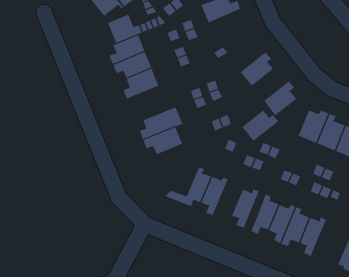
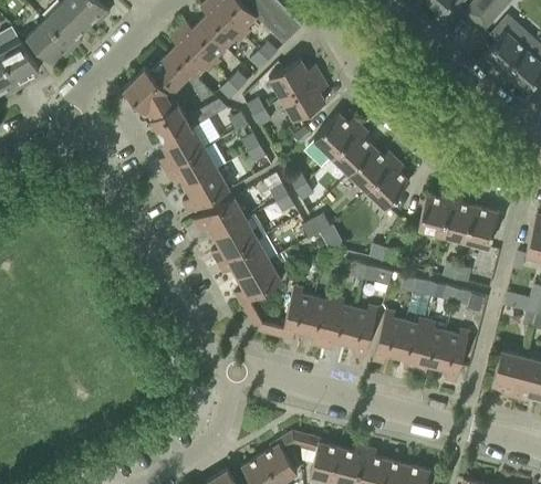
building: none -> [281,75,327,120]
building: none -> [313,114,361,157]
building: none -> [194,197,246,236]
building: [242,110,279,142] -> [348,147,396,190]
building: none -> [235,260,282,318]
building: none -> [322,297,355,350]

